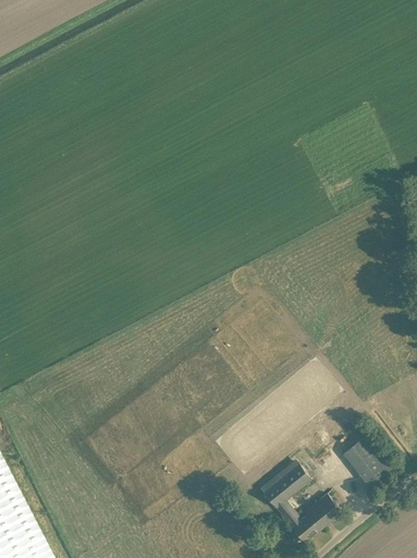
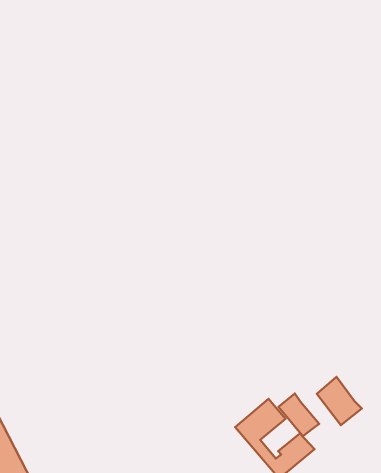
building: none -> [278,394,319,436]

